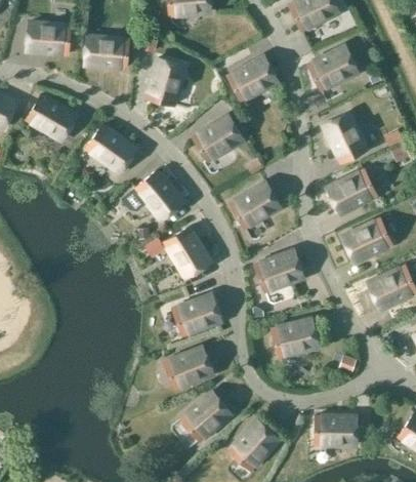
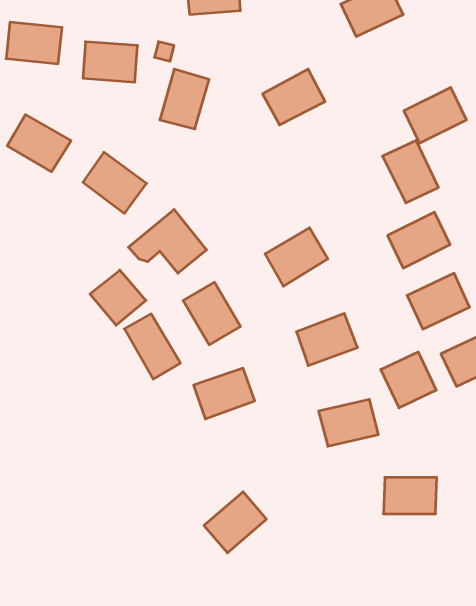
building: [308,47,358,91] -> [404,87,466,143]
building: [194,115,244,161] -> none
building: none -> [90,270,146,325]
building: none -> [124,314,180,379]
building: none -> [381,352,436,408]
building: [166,346,214,387] -> none
building: [316,414,358,443] -> [383,477,437,514]
building: [231,418,280,469] -> none

